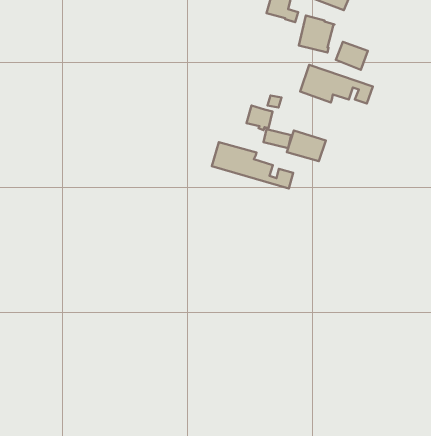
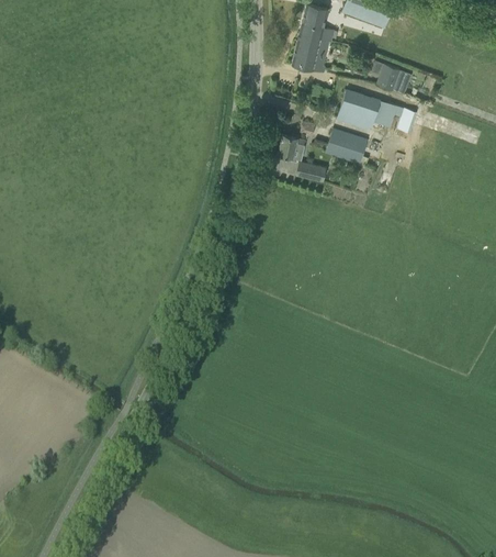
building: [299,16,334,52] -> [291,32,330,73]
building: [287,130,326,161] -> [325,129,368,163]
building: [212,142,293,188] -> none

